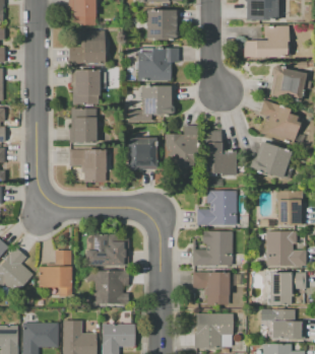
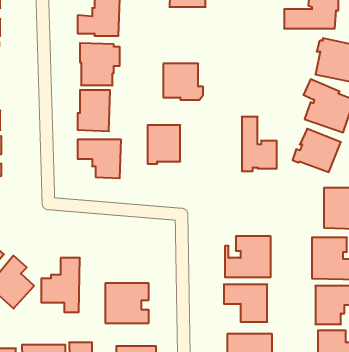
building: [137,48,179,81] -> none
building: [165,126,198,168] -> none
building: [197,190,236,225] -> none
building: [85,233,128,264] -> none

